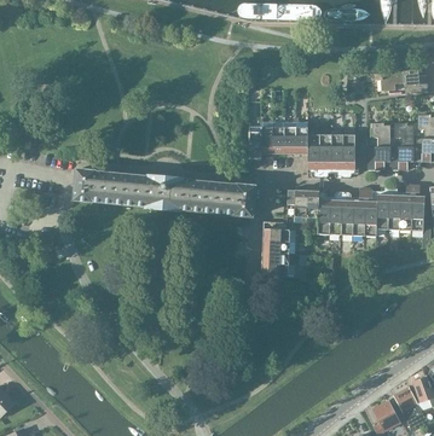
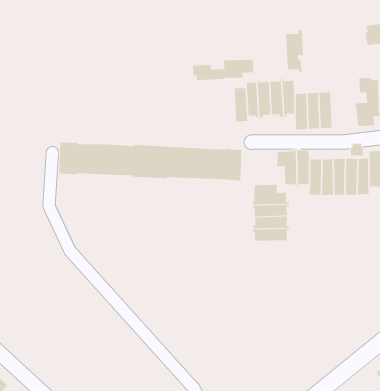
building: none -> [192,59,254,81]
building: [343,130,360,173] -> [285,29,304,73]

